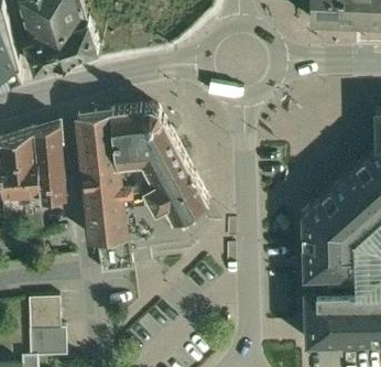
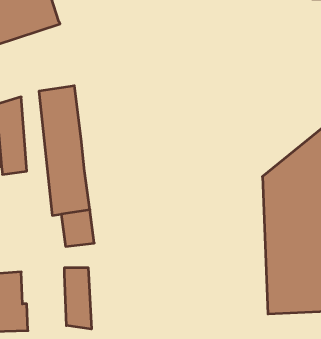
building: [111,107,207,222] -> none
building: none -> [64,268,91,329]

